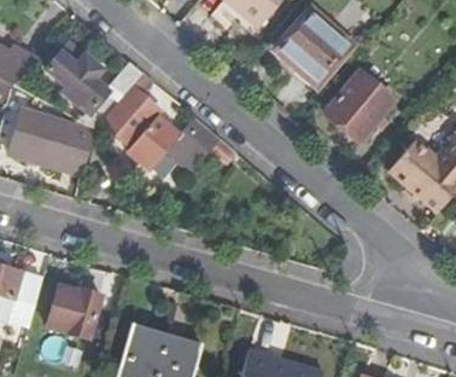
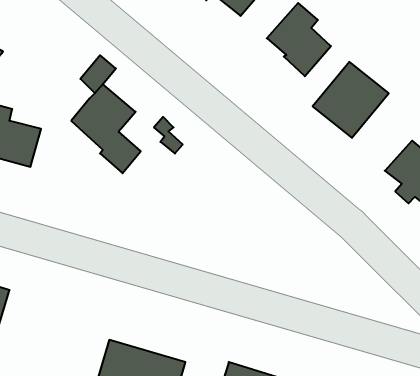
building: [53,57,118,128] -> none
building: [48,285,104,338] -> none

